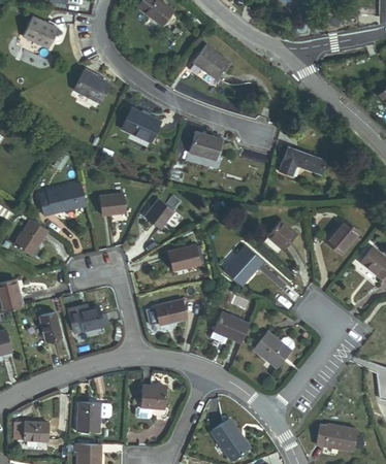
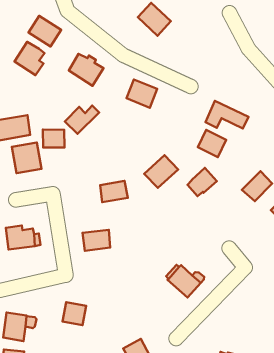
building: none -> [14,42,45,75]
building: none -> [198,130,226,157]
building: [144,196,182,229] -> [65,105,99,134]
building: none -> [12,143,41,173]
building: [226,247,263,285] -> [144,155,178,188]
building: [210,311,249,343] -> none

